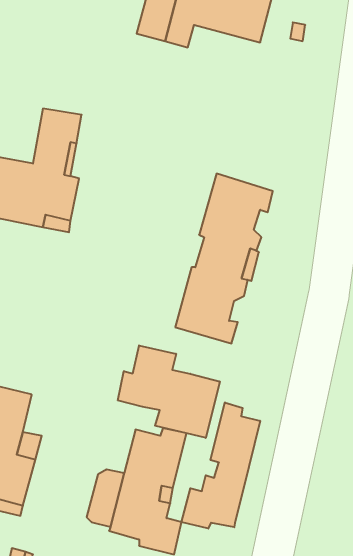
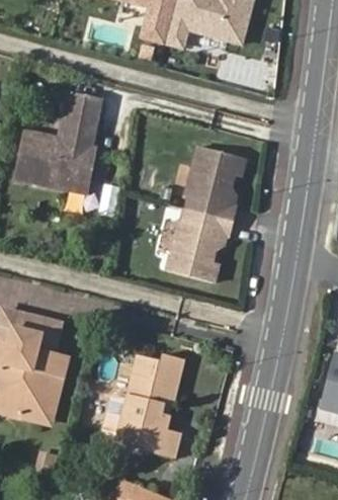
building: [118,345,220,438] -> none
building: [182,402,260,529] -> none

